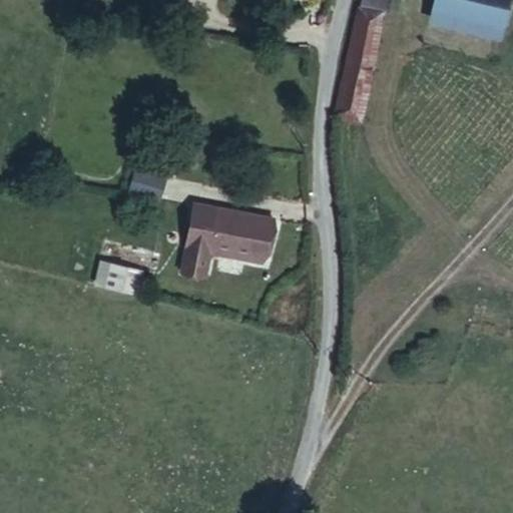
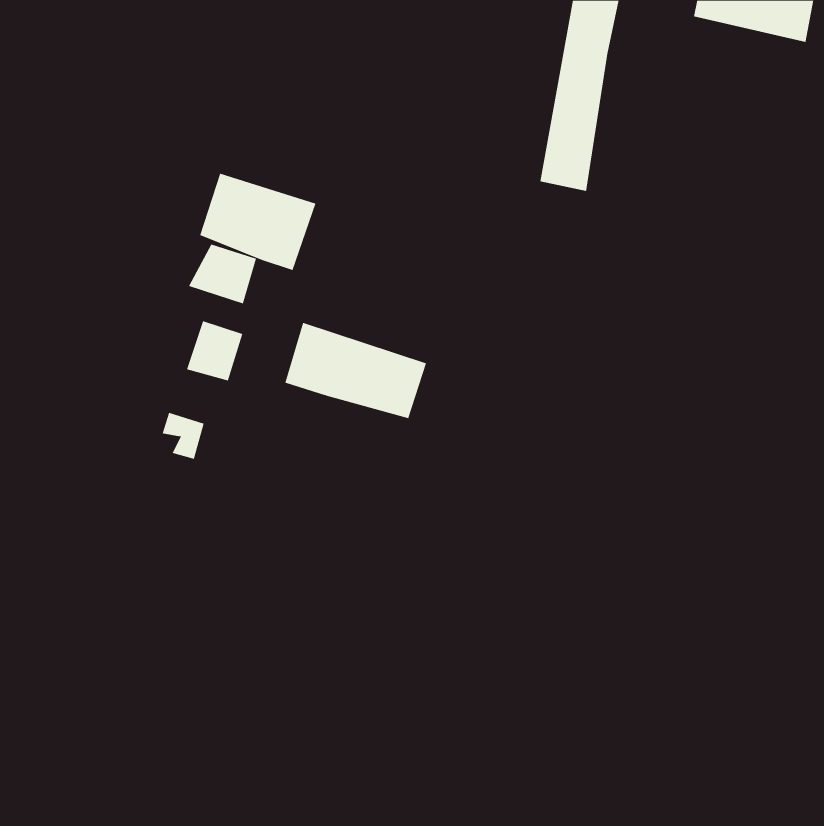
building: none -> [200,173,316,271]
building: [171,240,206,278] -> [186,321,243,381]

